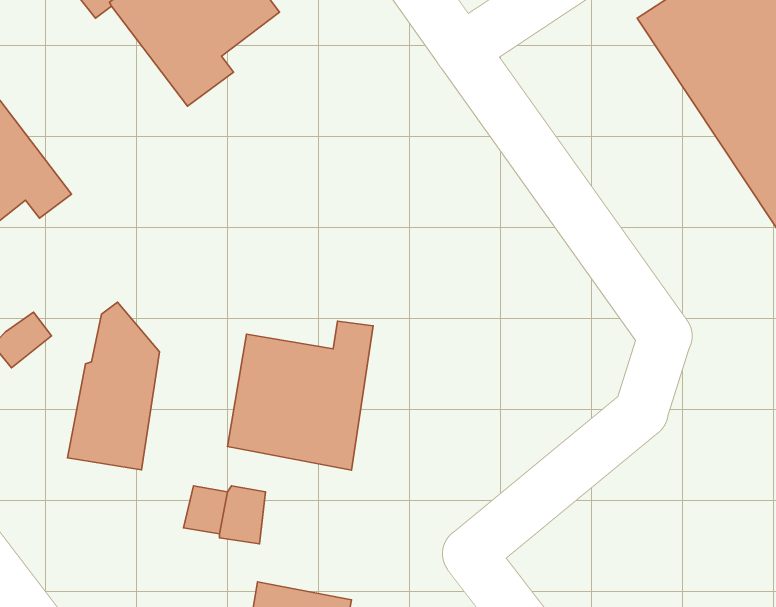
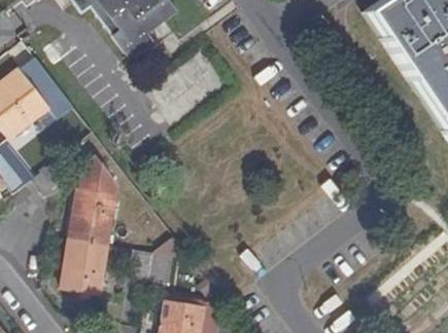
building: [228,321,373,470] -> none
building: none -> [59,236,107,293]

